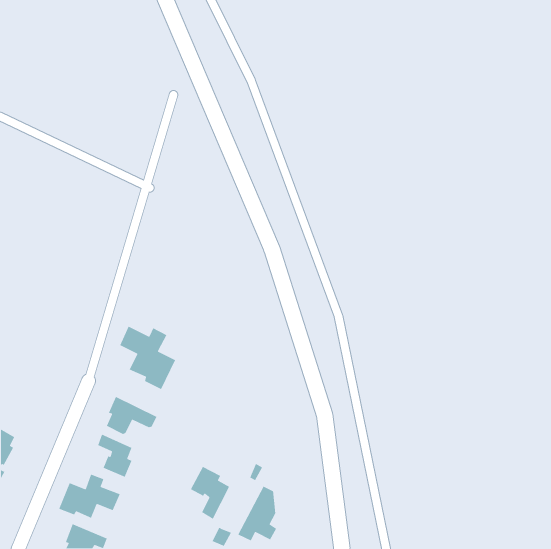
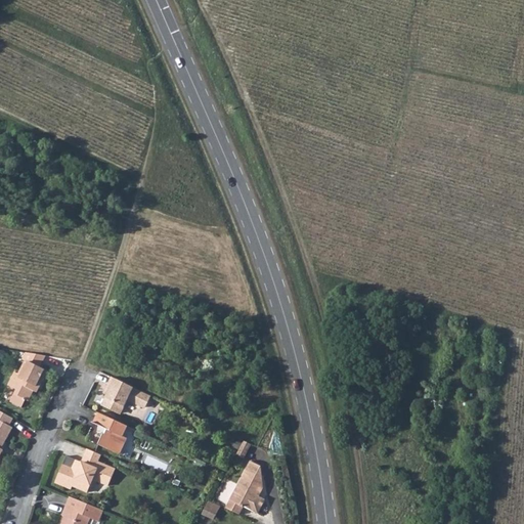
building: [119,326,176,390] -> none
building: none -> [8,350,48,405]
building: [190,466,230,520] -> none

